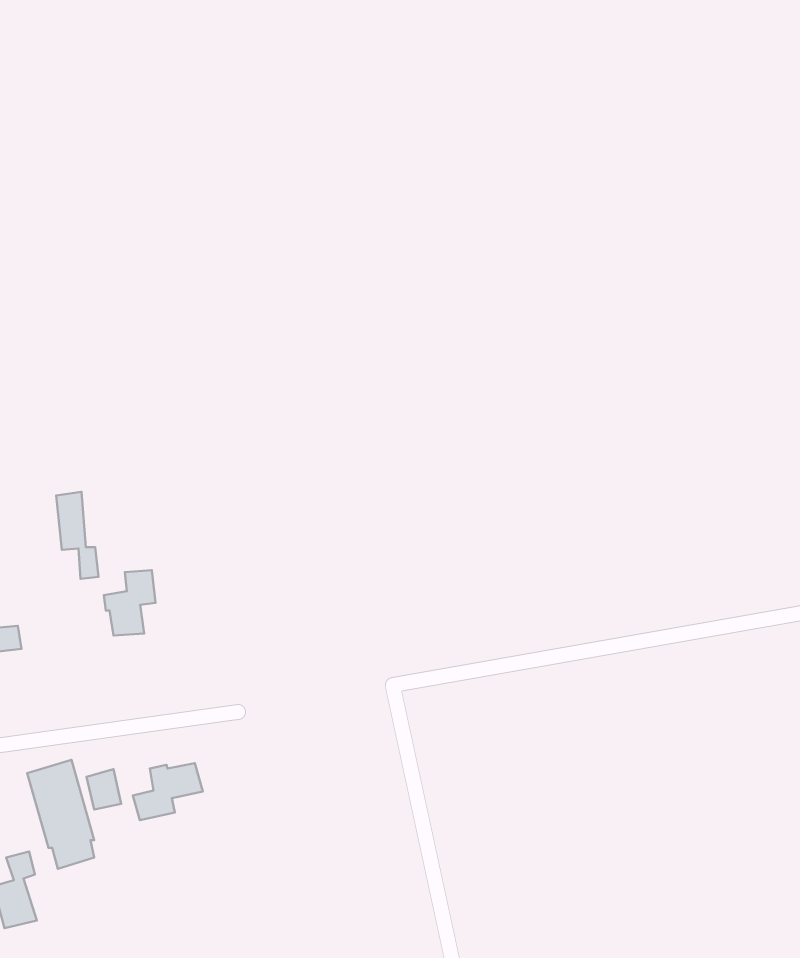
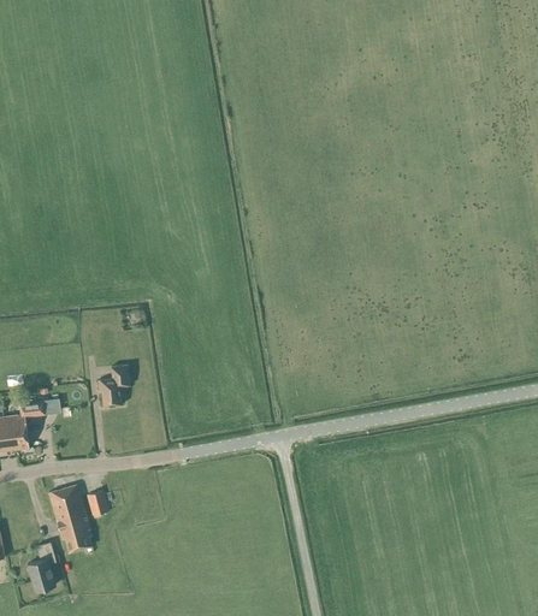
building: [56,492,99,579] -> none
building: [133,763,203,820] -> none

